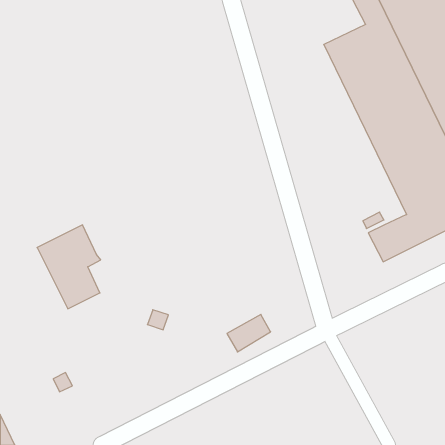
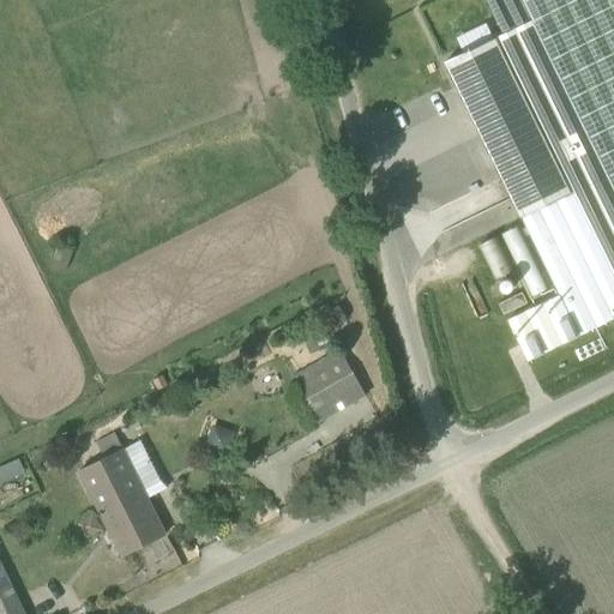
building: [37,225,101,309] -> [80,440,168,555]
building: [227,314,271,352] -> [297,356,357,408]

